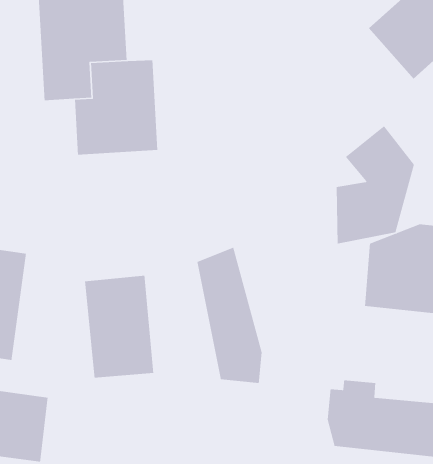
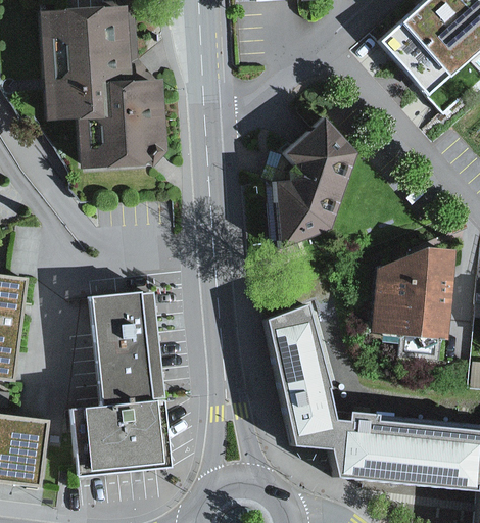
building: [336,125,415,245] -> [266,116,347,240]
building: [196,247,263,384] -> [274,305,342,447]
building: none -> [68,399,167,475]

